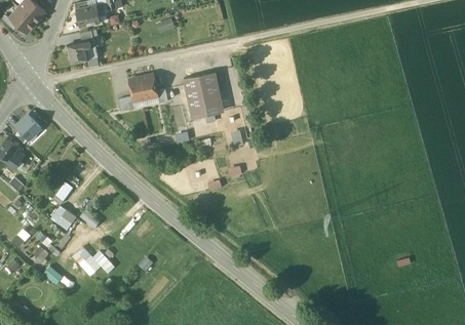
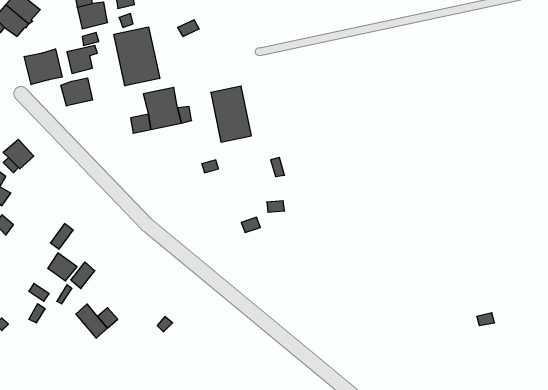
building: none -> [114,27,160,86]
building: none -> [24,49,62,85]
building: none -> [61,78,93,106]

